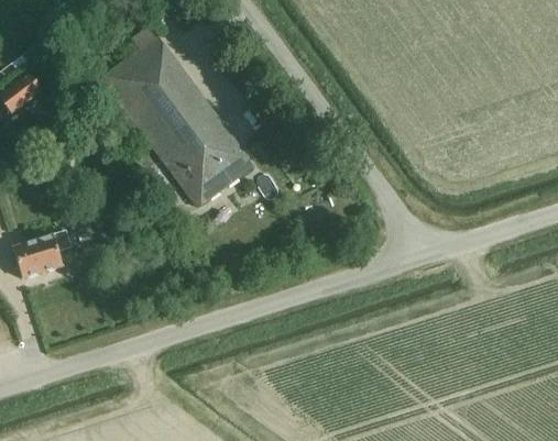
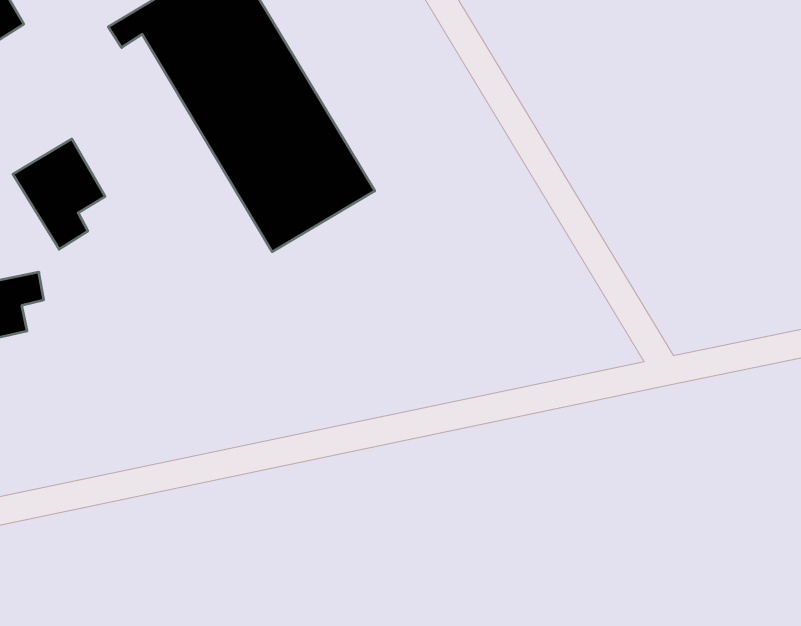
building: none -> [13,139,105,249]

